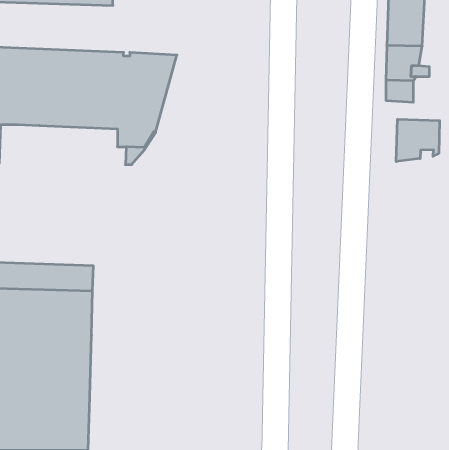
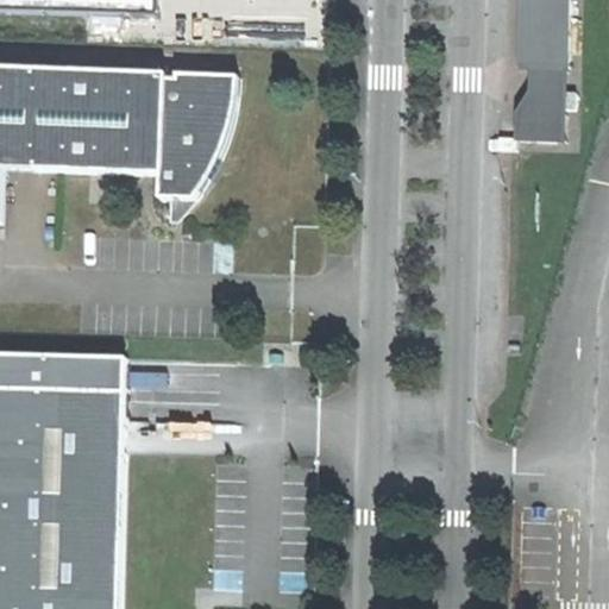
building: [396,119,440,162] -> none

